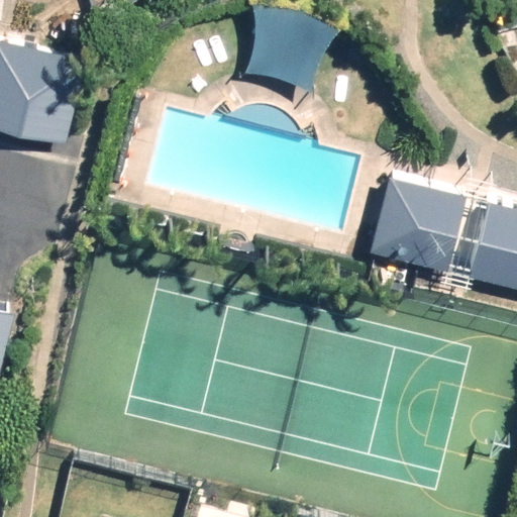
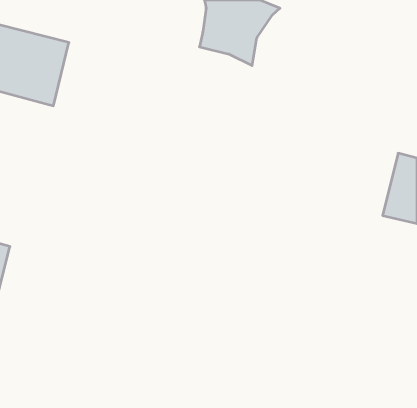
building: [371,177,464,271] -> none

